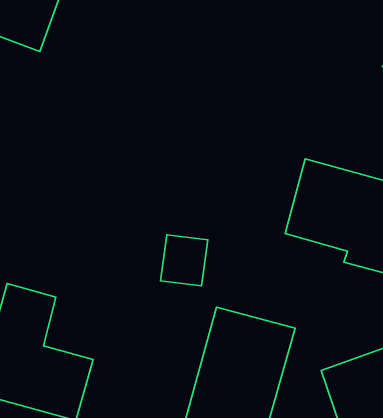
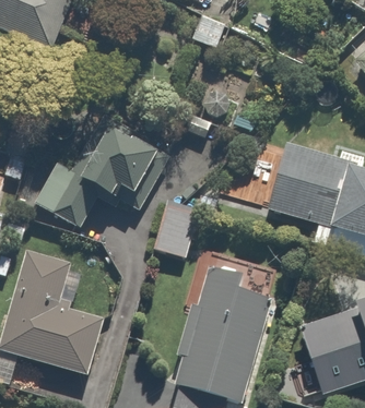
building: none -> [37,121,158,225]

